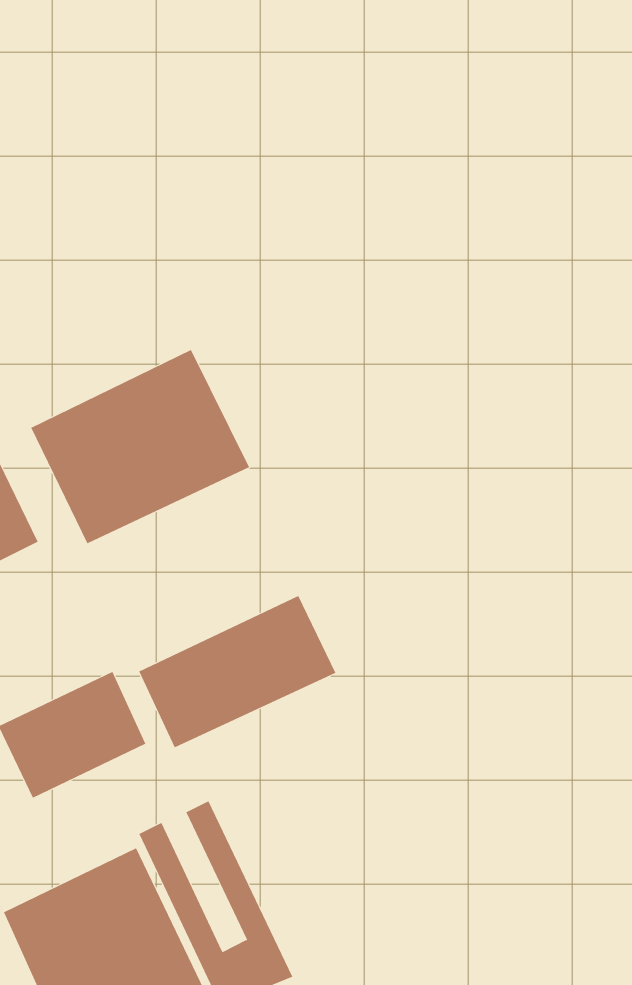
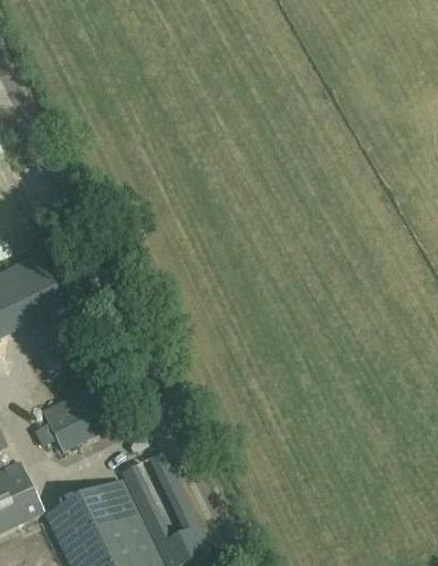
building: [31,349,250,544] -> none
building: [138,595,336,748] -> none

